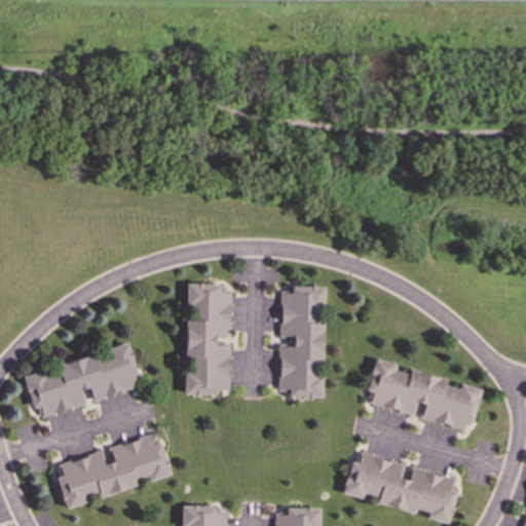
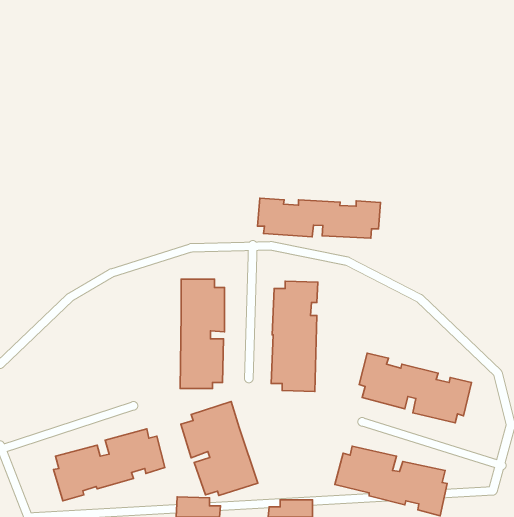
building: none -> [257,198,380,238]
building: [25,345,141,416] -> none
building: none -> [181,402,258,496]

